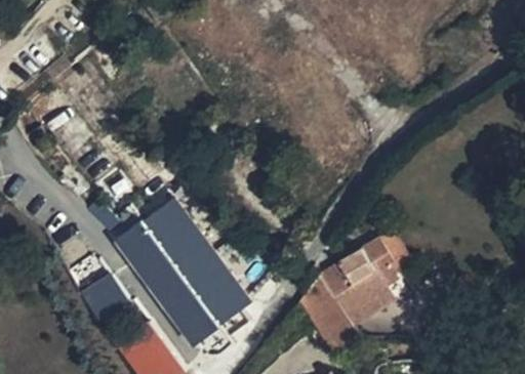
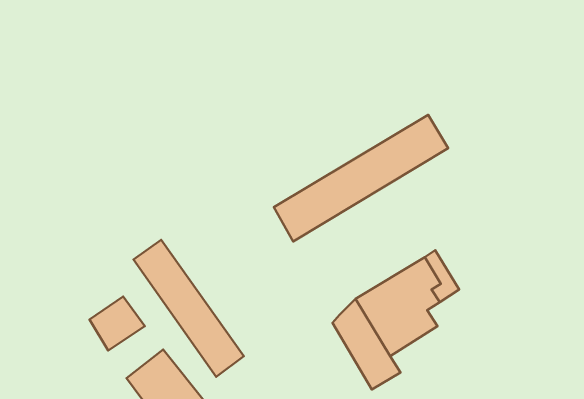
building: none -> [274,115,448,242]
building: [144,202,245,326] -> none

